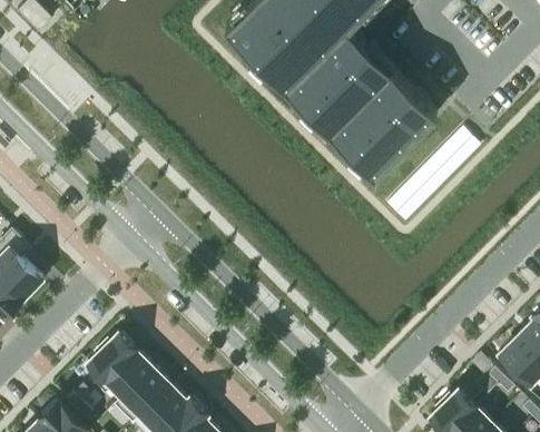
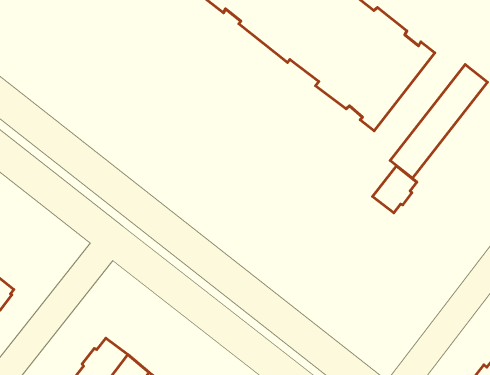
building: none -> [372,166,417,213]

